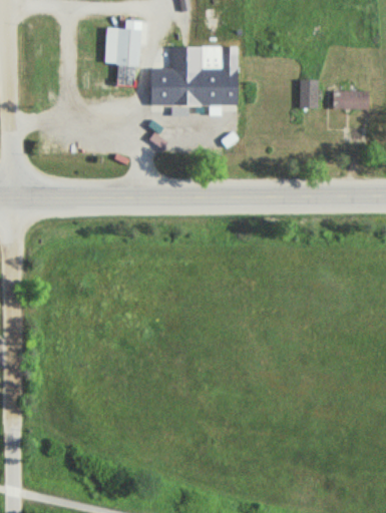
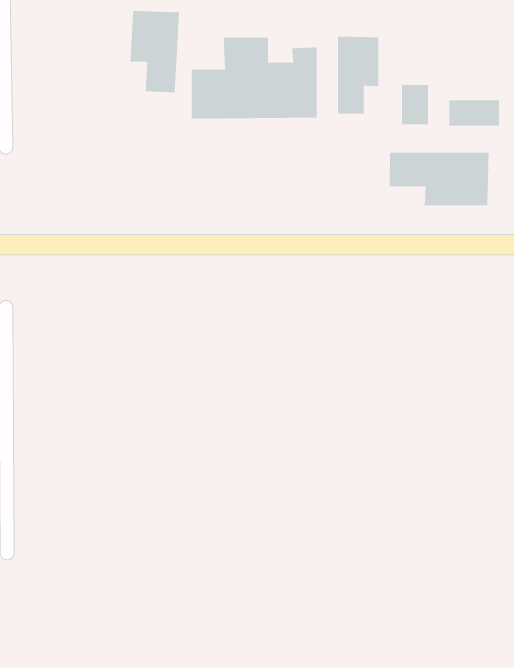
building: none -> [337,36,379,115]
building: none -> [389,152,489,206]

